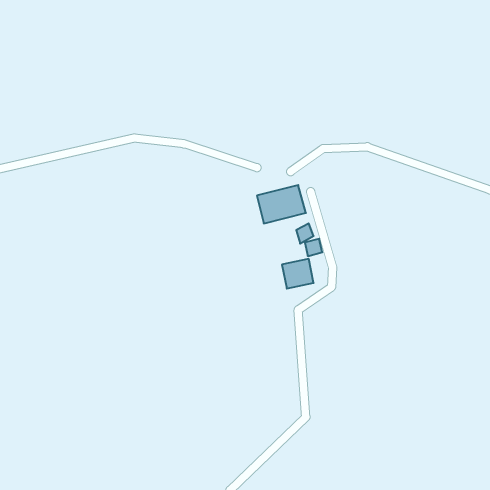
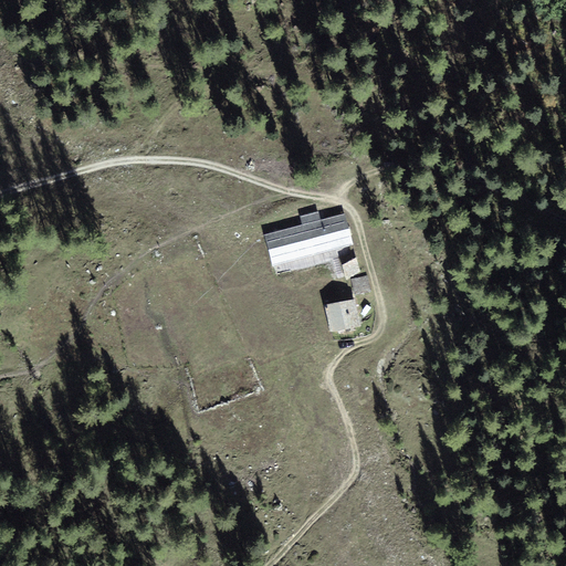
building: none -> [263,226,304,266]

